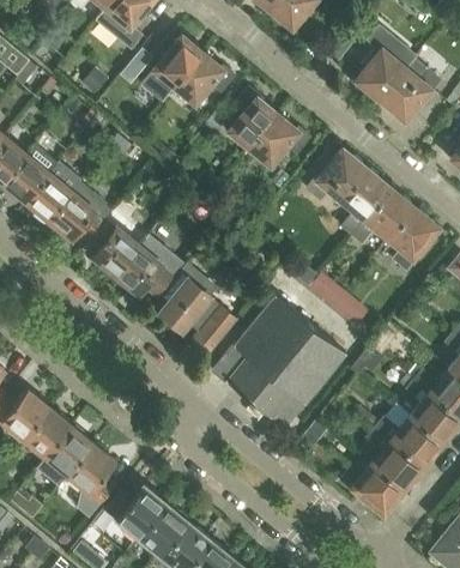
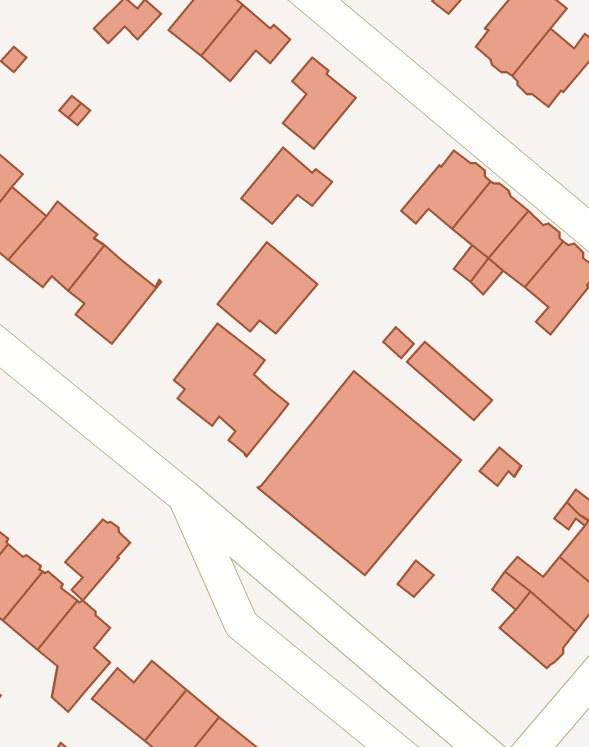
building: [249,115,309,165] -> [241,147,332,224]
building: [116,236,182,296] -> [218,242,318,333]
building: none -> [65,519,130,601]
building: [340,464,403,514] -> none

